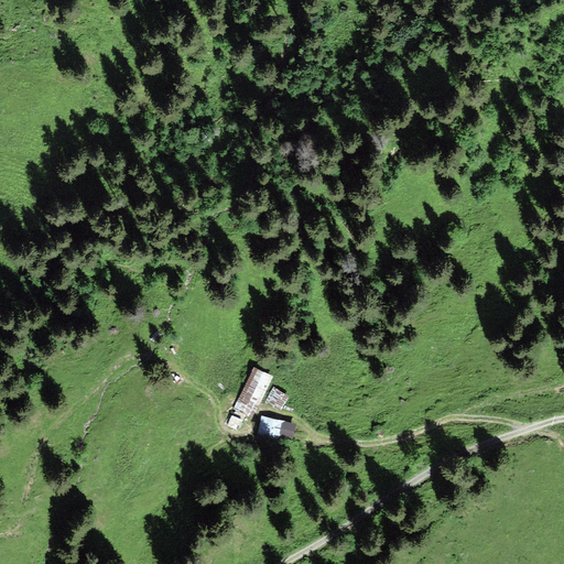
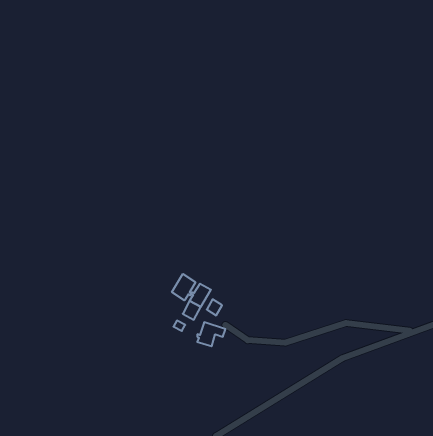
building: none -> [172,274,195,300]

